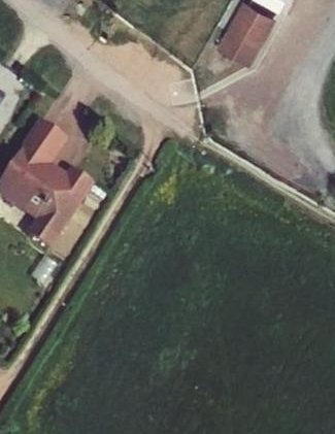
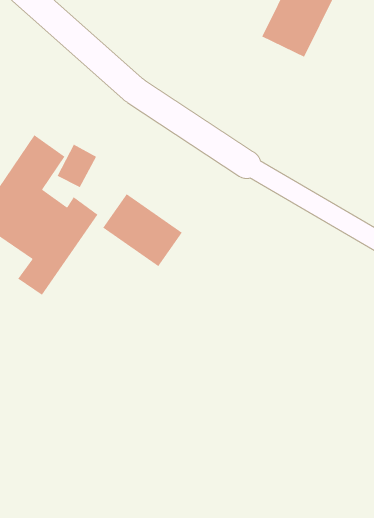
building: none -> [102,193,183,267]

